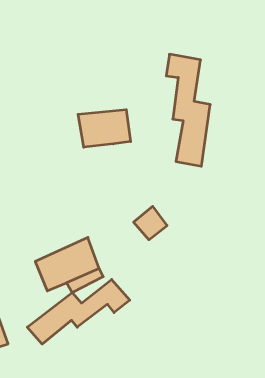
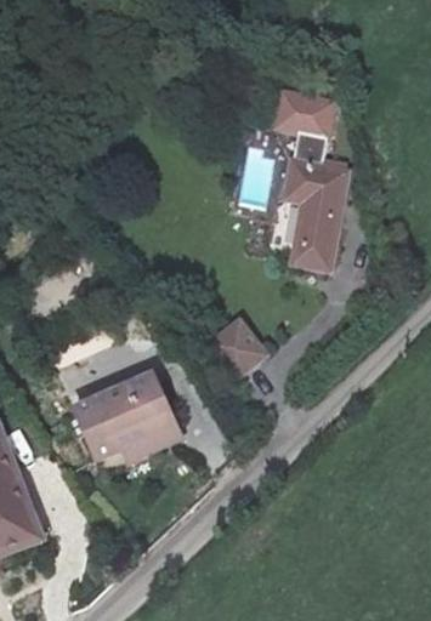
building: [78,110,131,147] -> none
building: [27,279,130,344] -> none

